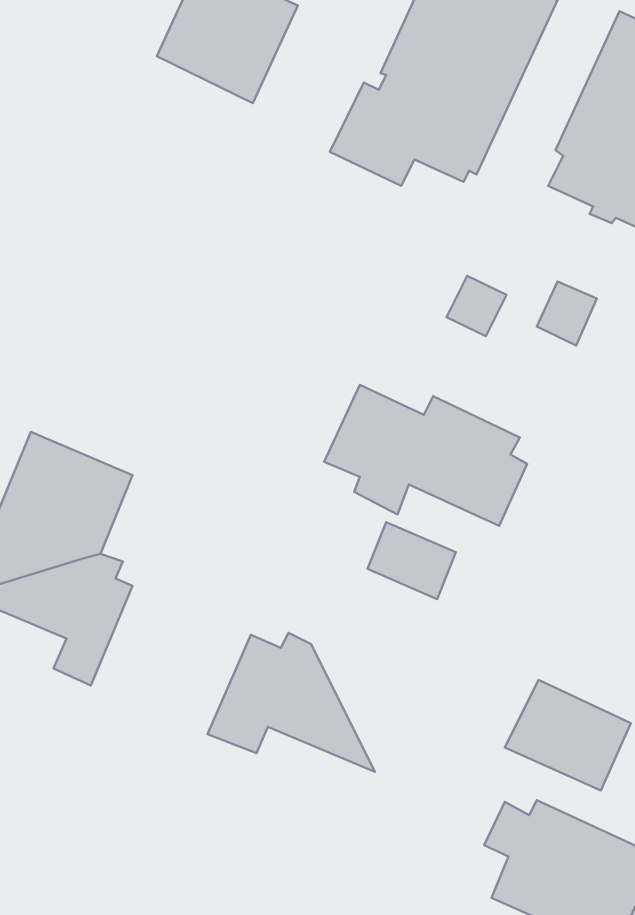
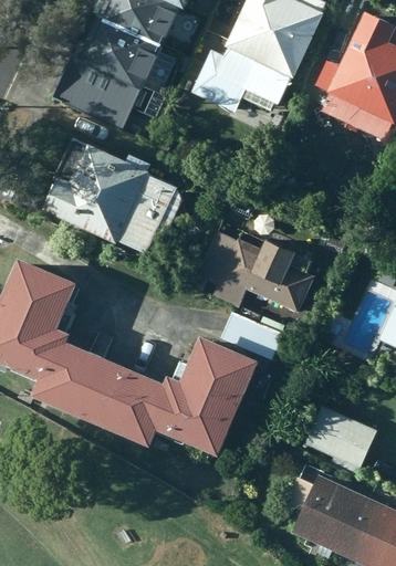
building: none -> [55,36,149,123]
building: none -> [31,136,176,256]
building: none -> [184,337,261,458]
building: none -> [54,348,148,436]

